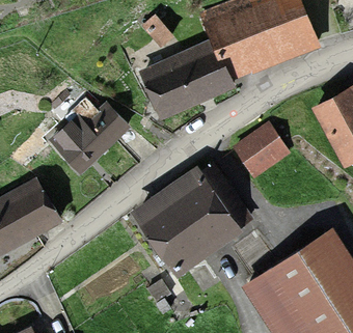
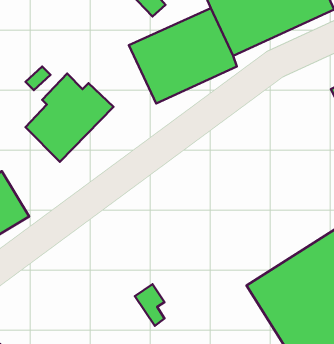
building: [232,126,283,174] -> none
building: [137,164,254,280] -> none

